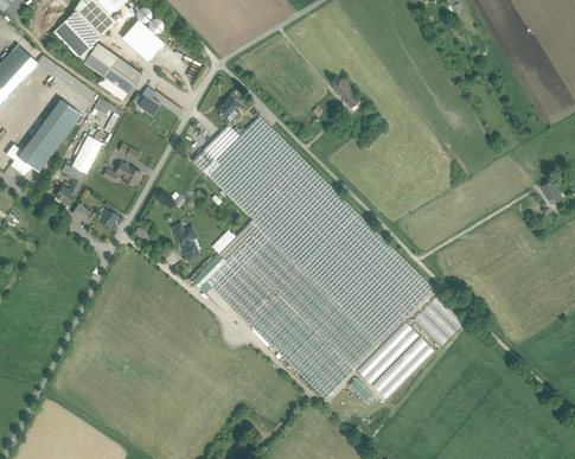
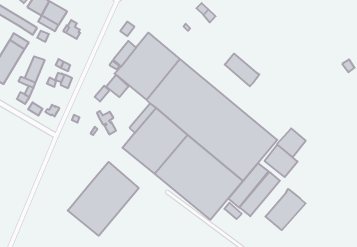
building: none -> [225,54,259,86]
building: none -> [106,75,129,97]
building: none -> [277,128,306,157]
building: none -> [68,162,139,236]
building: none -> [265,189,306,230]

